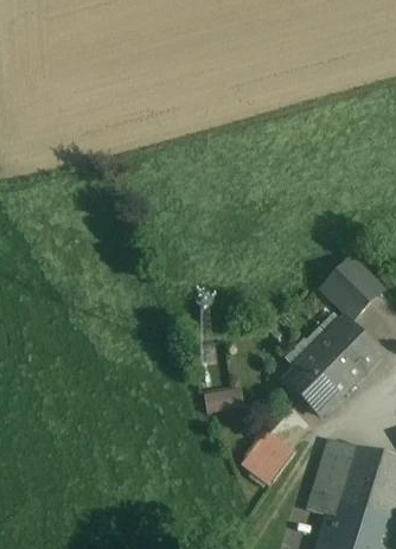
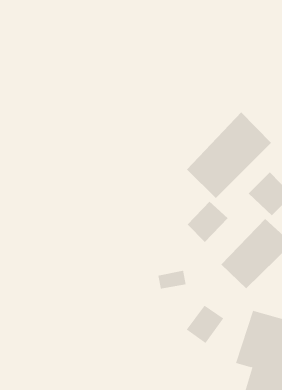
building: none -> [186,111,272,199]
building: none -> [187,201,228,243]

